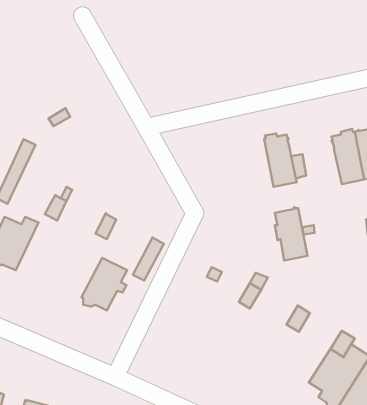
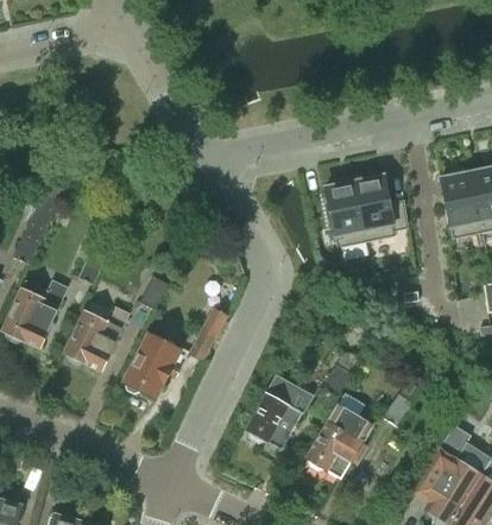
building: [275,207,308,261] -> [324,179,366,247]
building: none -> [63,304,128,369]
building: none -> [246,374,311,449]
building: none -> [305,391,372,477]

